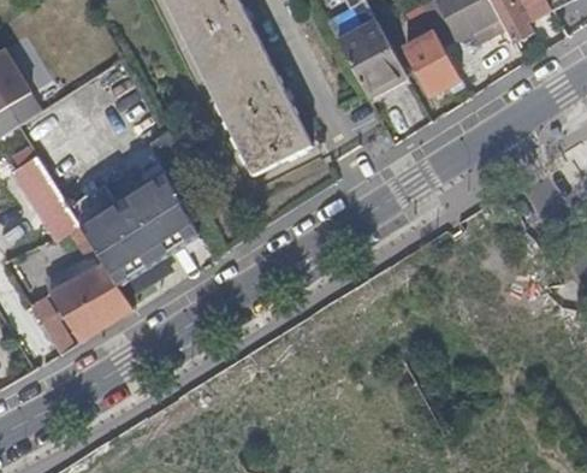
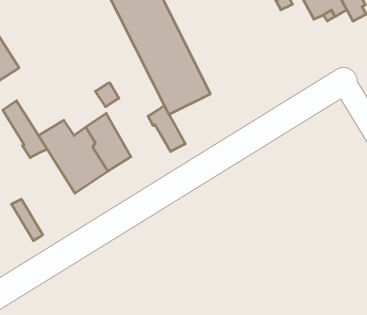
building: [336,19,405,95] -> none
building: [404,30,459,94] -> none
building: none -> [148,105,185,152]
building: [49,223,132,339] -> none

